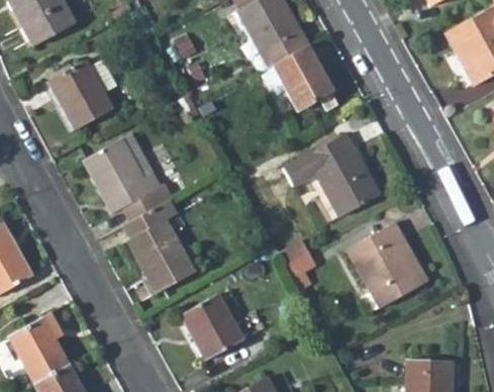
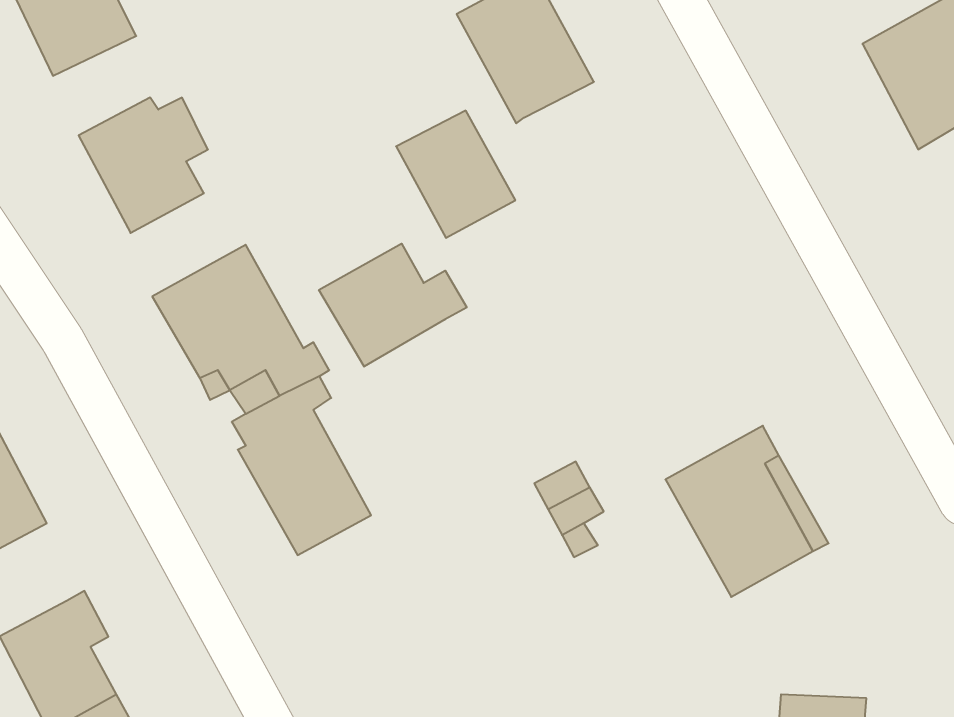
building: [273,50,333,114] -> [396,111,515,238]
building: none -> [319,244,467,367]
building: [285,138,378,220] -> none
building: [180,293,243,359] -> none

